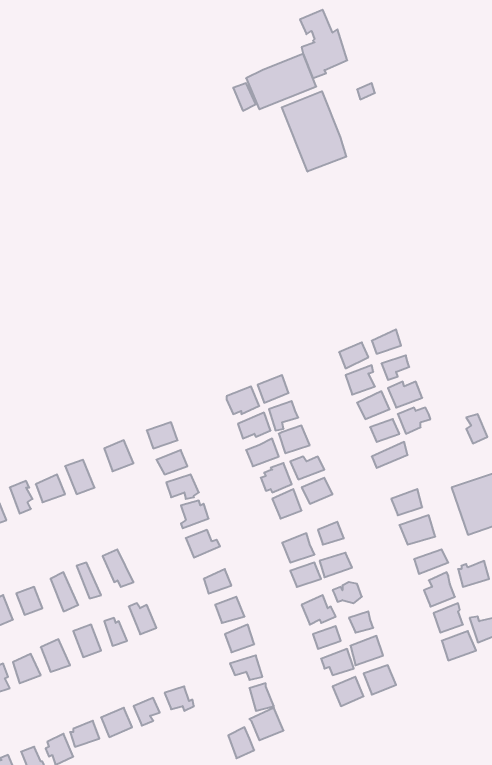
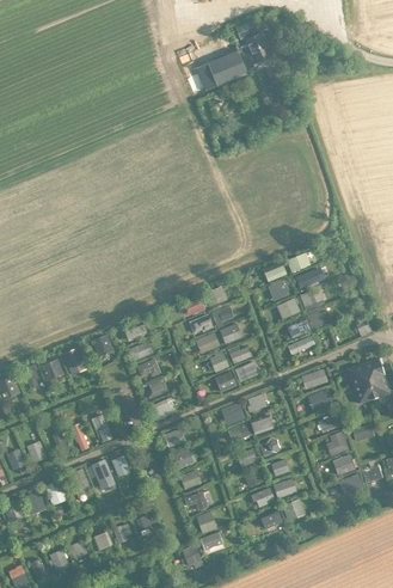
building: [282,91,346,172] -> none

